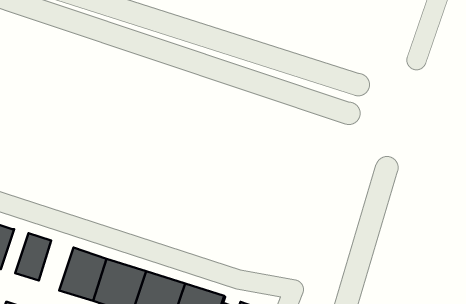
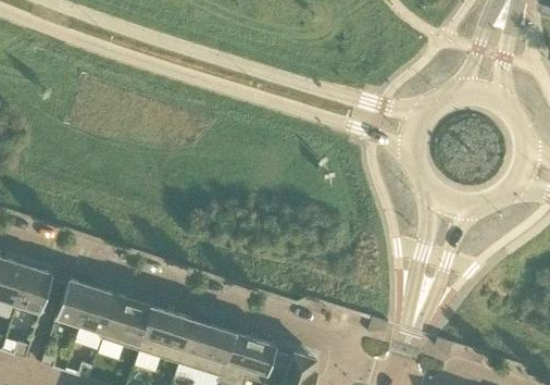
building: none -> [78,286,115,336]

